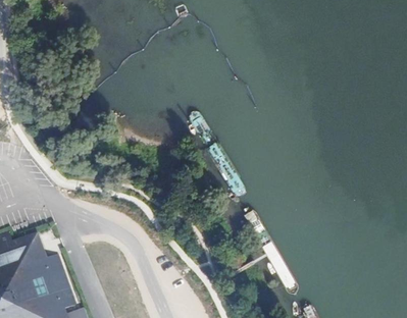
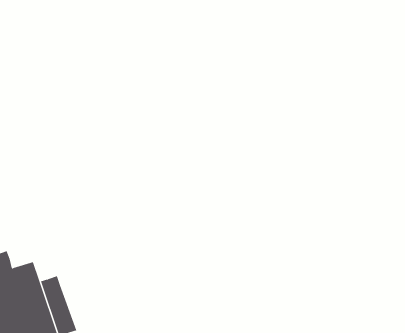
building: [15,236,50,265] -> none

